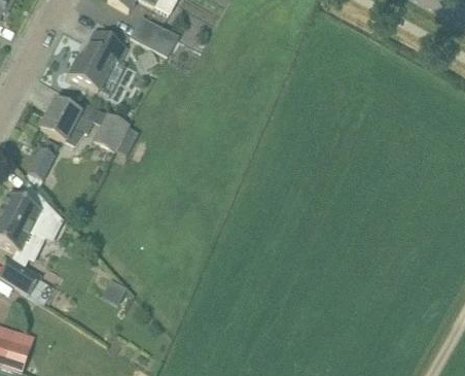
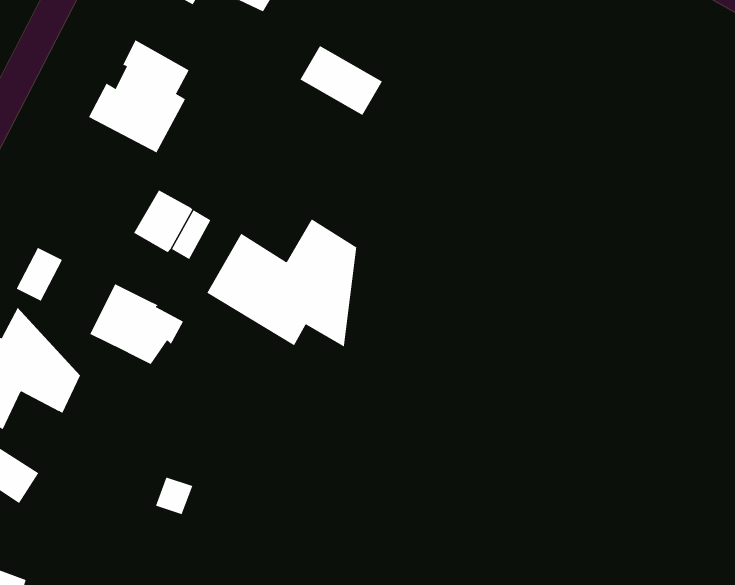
building: [130,15,177,56] -> [300,45,383,116]
building: [40,99,94,145] -> [90,283,184,365]
building: none -> [206,219,357,347]

